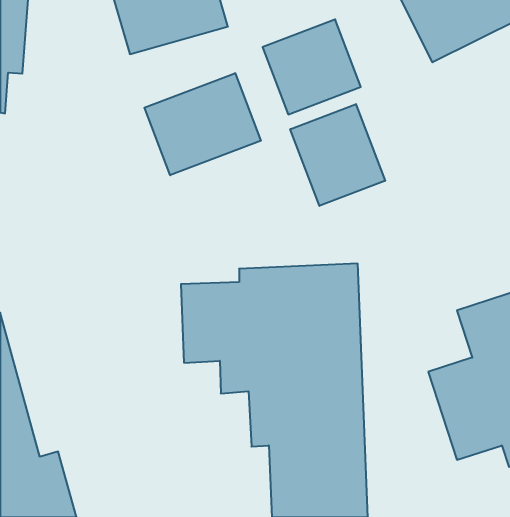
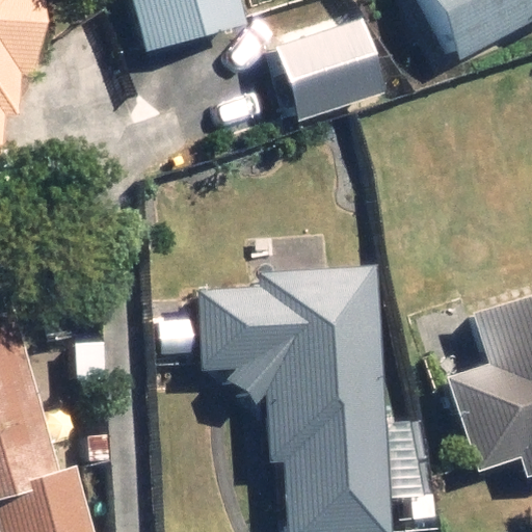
building: [144,73,261,175] -> none
building: [290,104,385,206] -> none

